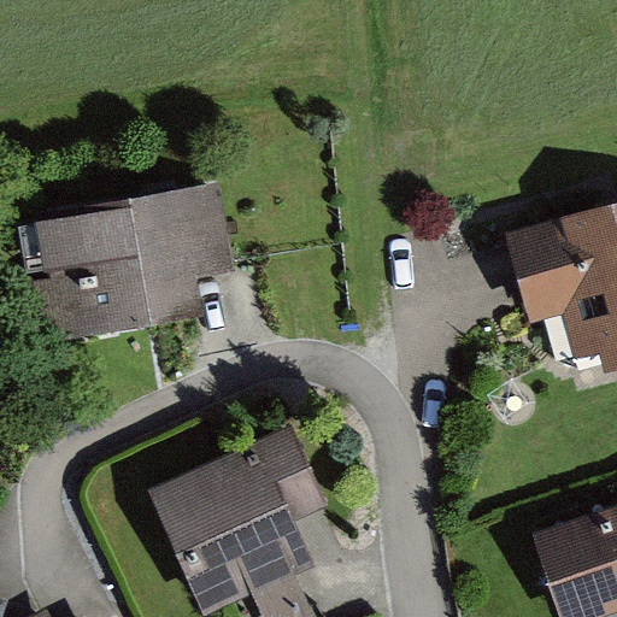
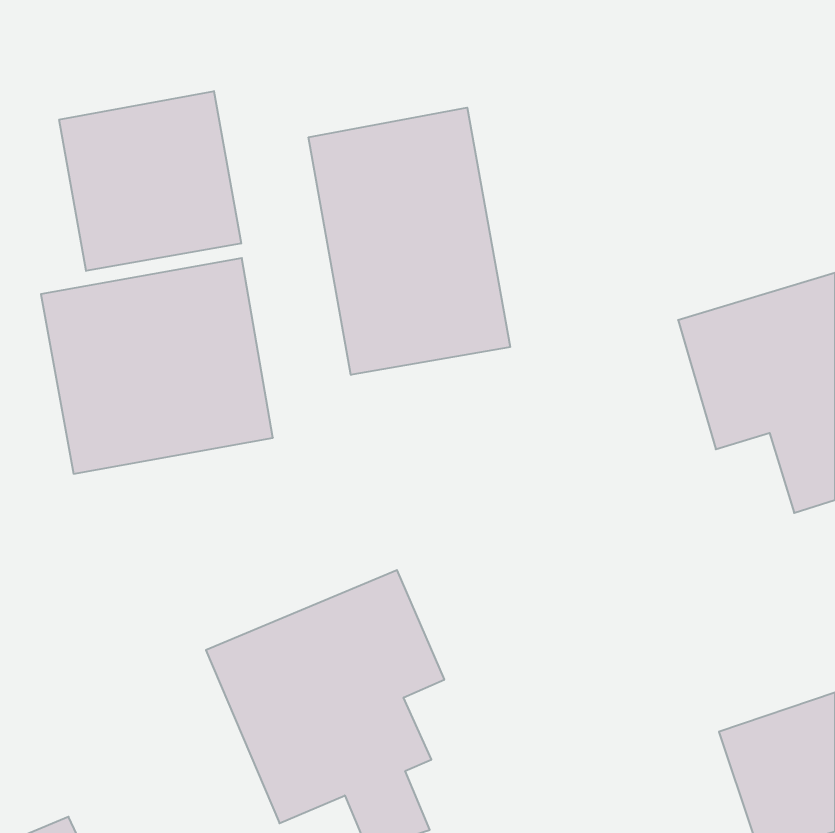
building: none -> [59,91,241,271]
building: none -> [309,108,510,375]

